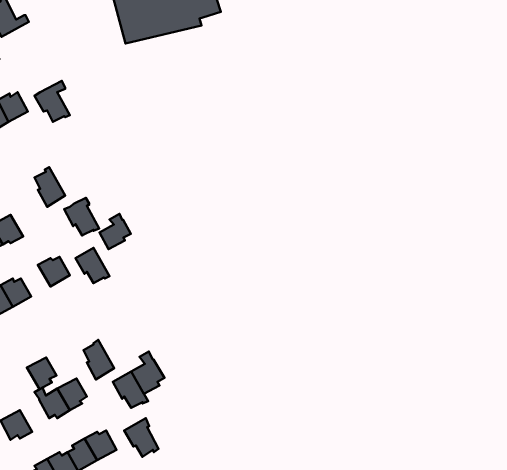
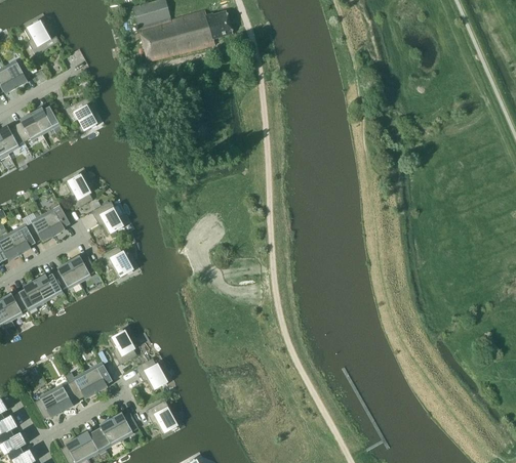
building: none -> [44,206,71,235]
building: [99,214,131,249] -> none
building: none -> [53,260,80,289]
building: [131,351,164,394] -> none
building: [27,357,56,389] -> [52,382,79,411]

